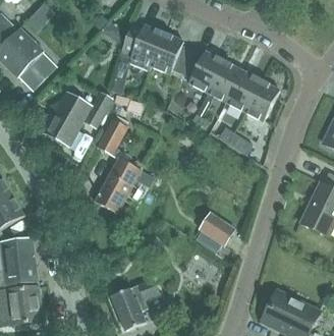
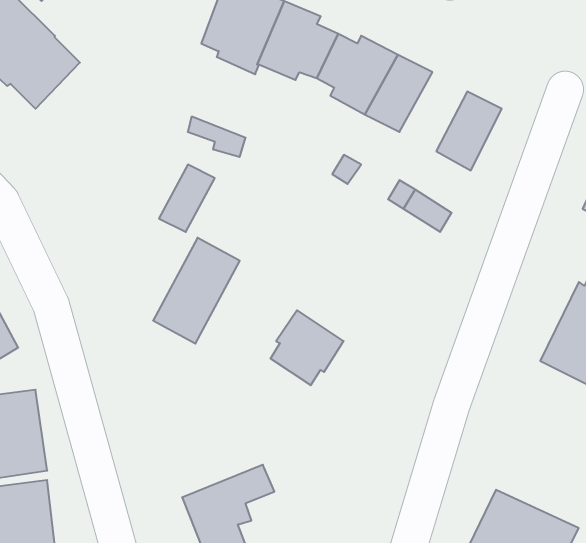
building: [225,70,261,112] -> none
building: [44,93,112,146] -> none
building: [196,213,234,253] -> [270,310,344,385]

